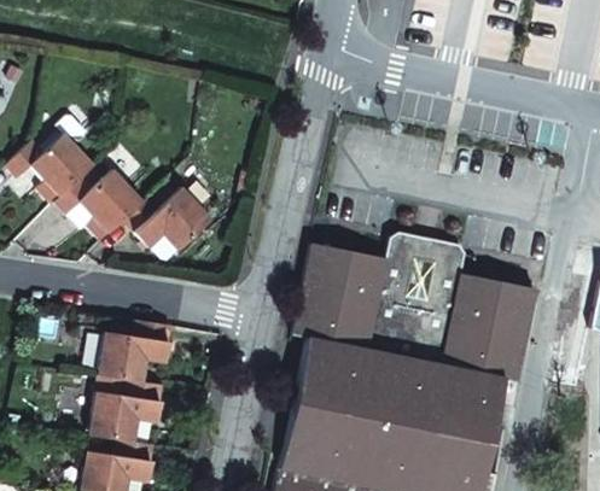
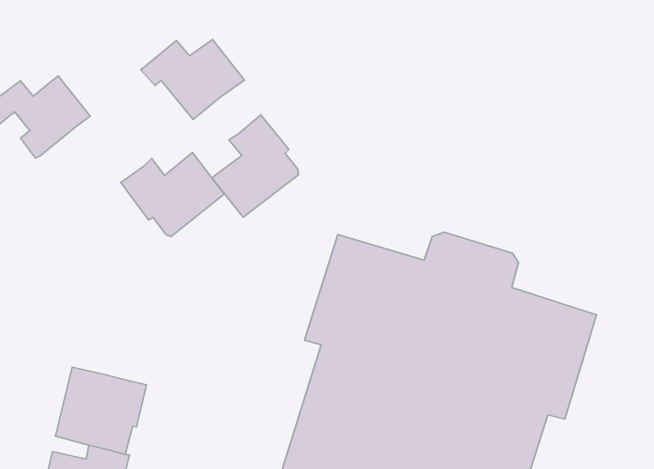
building: none -> [212,115,298,217]
building: [56,170,144,239] -> [141,40,244,120]
building: [100,321,173,382] -> none

